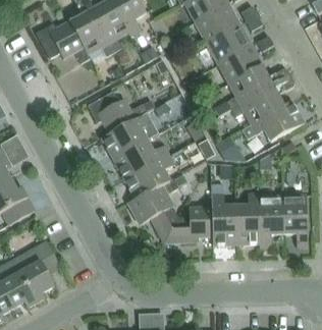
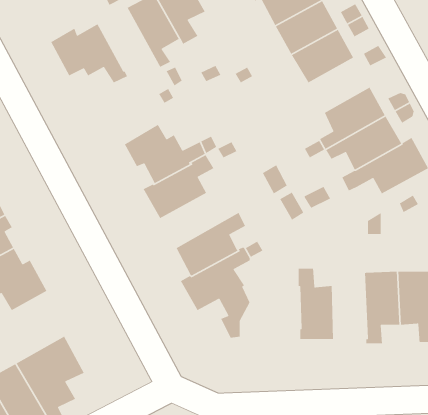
building: [69,8,113,56] -> none
building: [218,44,262,82] -> none
building: [113,140,169,178] -> none
building: [235,191,260,243] -> none
building: [170,206,213,241] -> none

